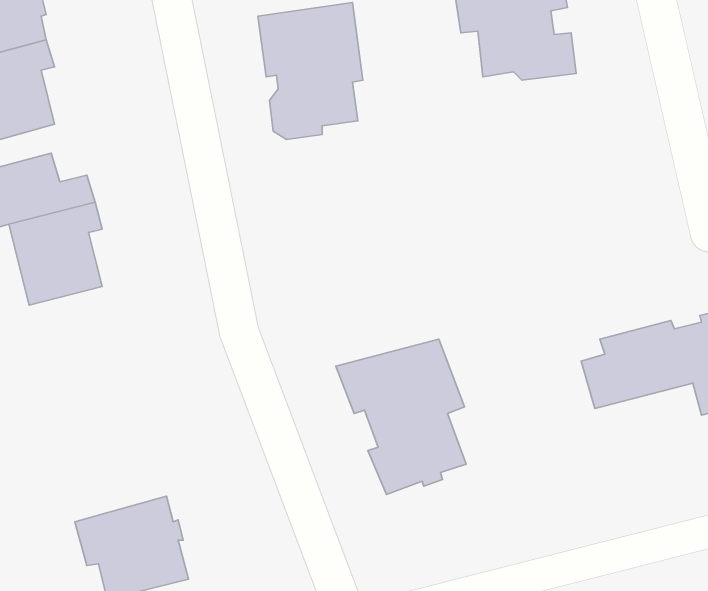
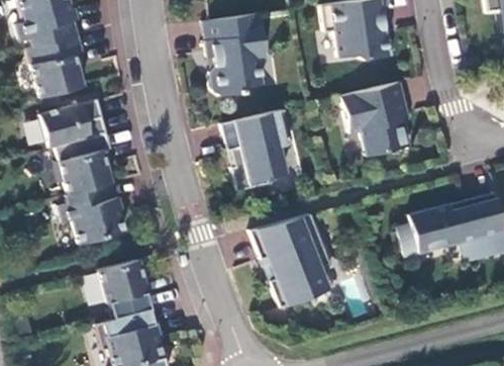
building: none -> [341,82,411,156]
building: none -> [222,109,292,191]
building: none -> [59,183,124,245]
building: none -> [98,260,149,318]

